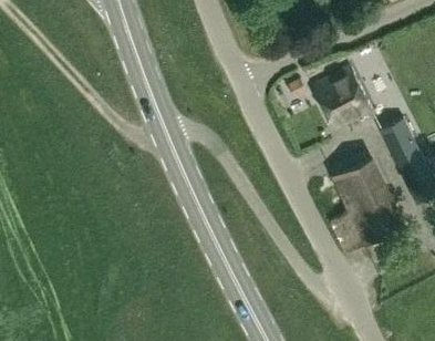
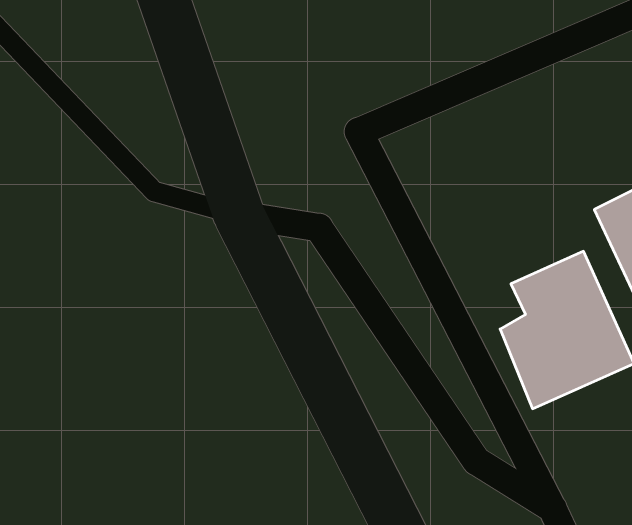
building: [312,65,370,126] -> none

